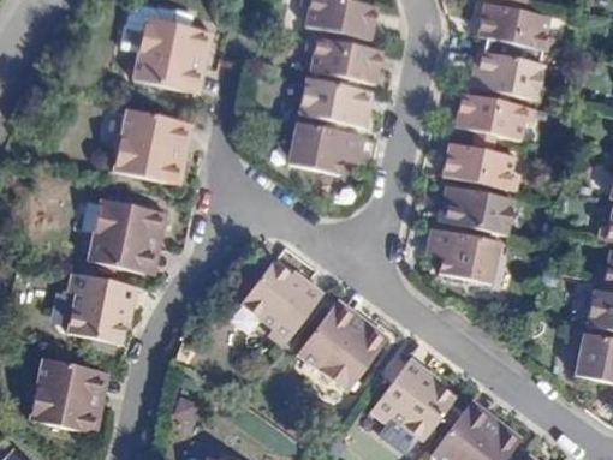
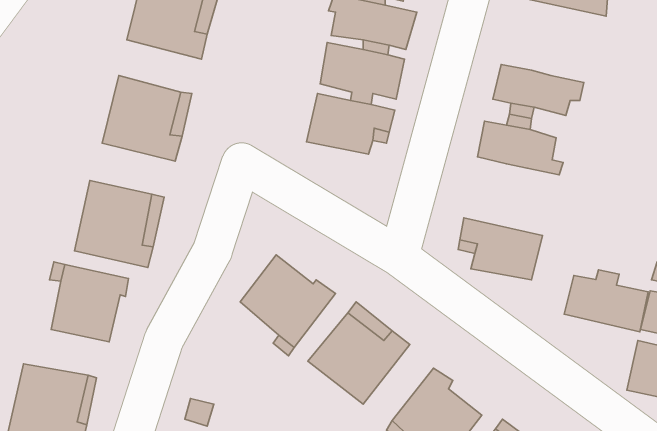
building: [470,54,544,106] -> none
building: [436,183,510,237] -> [564,270,648,332]

